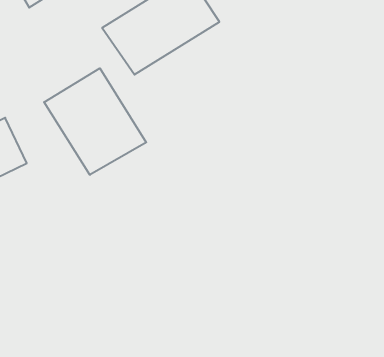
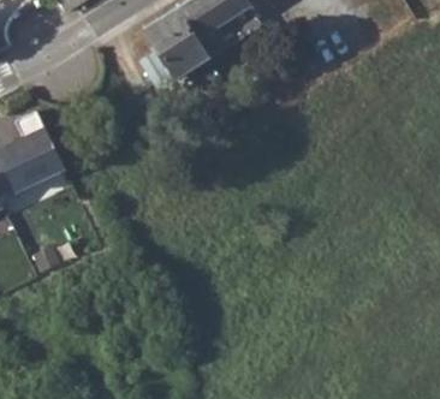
building: [44,68,146,175] -> none

